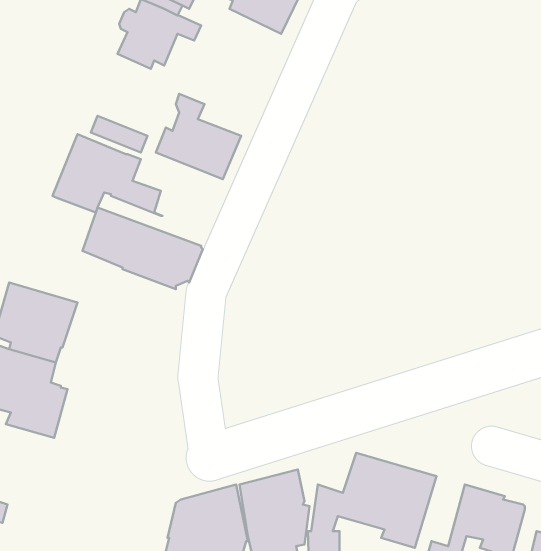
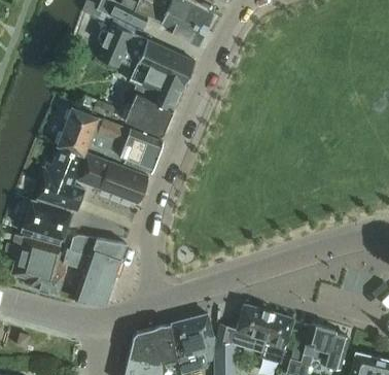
building: none -> [126,40,194,108]
building: none -> [106,123,164,173]
building: none -> [33,146,83,210]
building: none -> [63,235,126,305]

